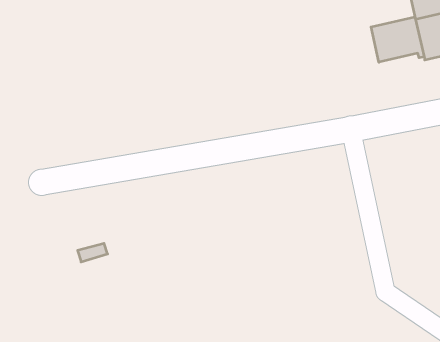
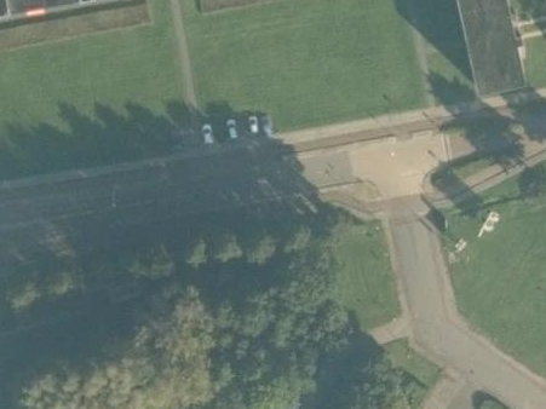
building: [371,17,424,62] -> none

